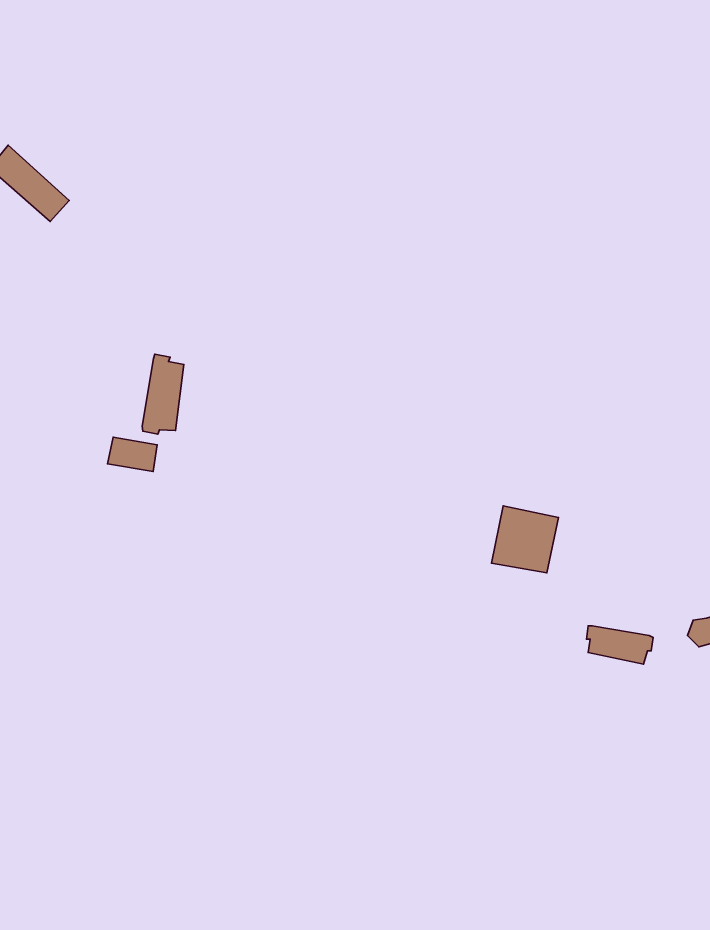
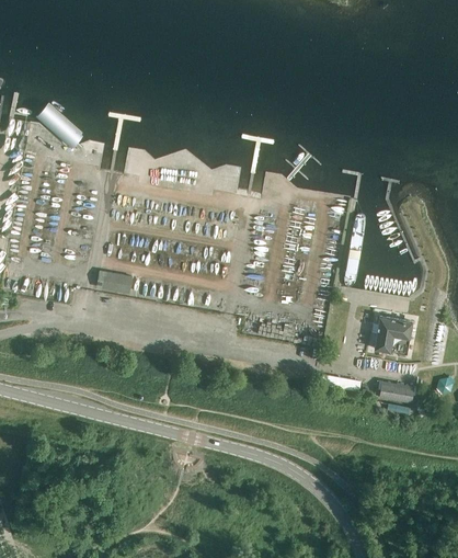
building: [142,354,184,434] -> none
building: [492,506,558,573] -> [374,315,412,353]

